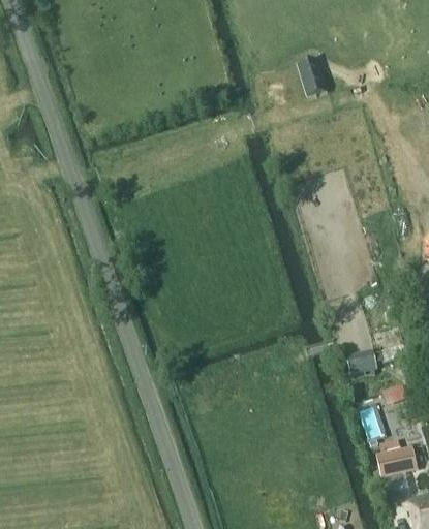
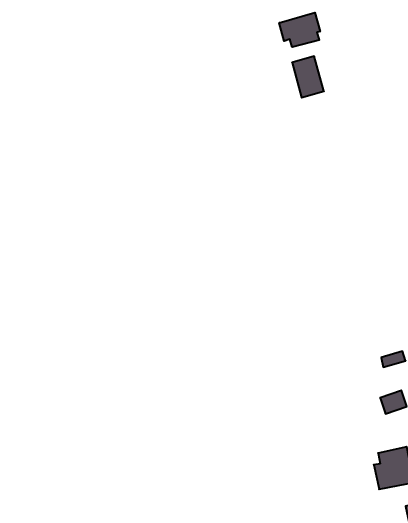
building: none -> [279,13,320,47]
building: [346,351,378,377] -> none

